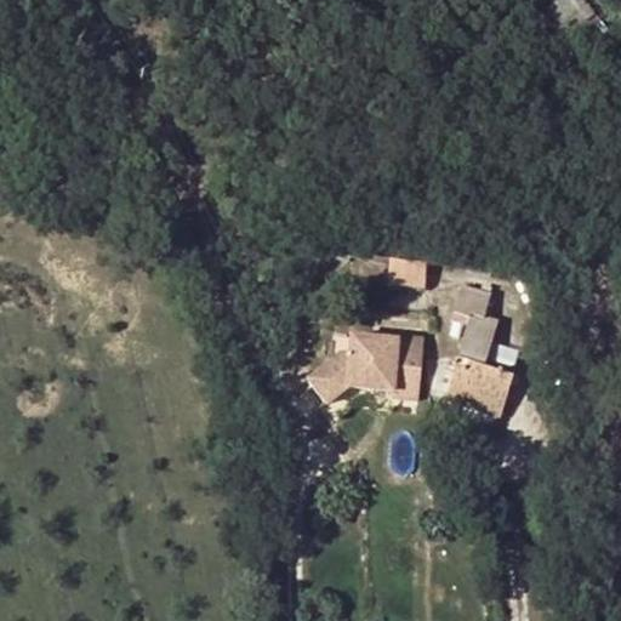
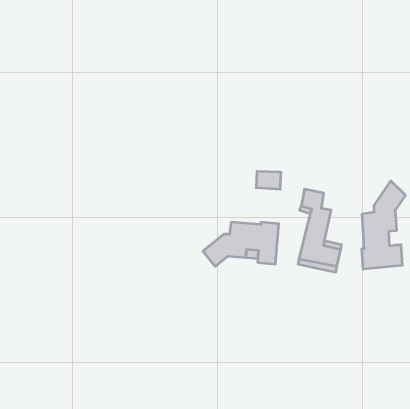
building: none -> [362,181,405,269]

